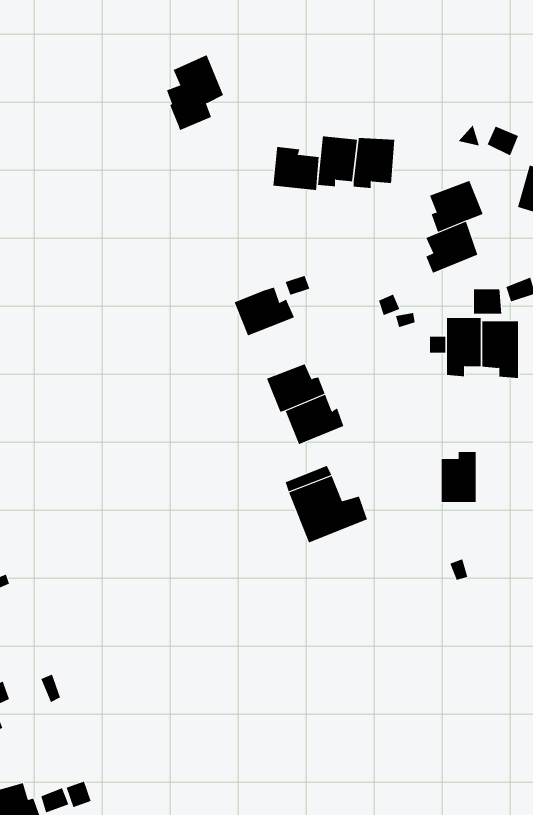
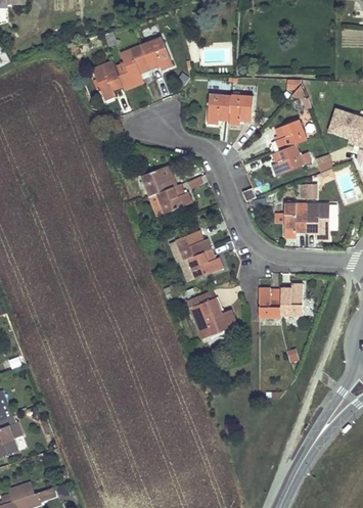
building: none -> [141,38,172,70]
building: none -> [92,60,123,100]
building: [273,146,319,191] -> none
building: none -> [140,165,174,196]
building: none -> [259,287,281,317]

